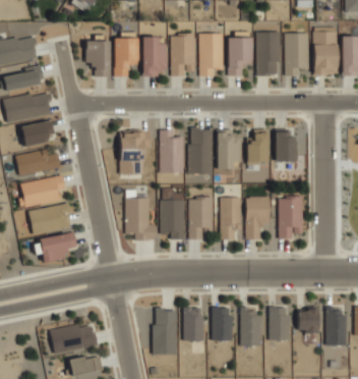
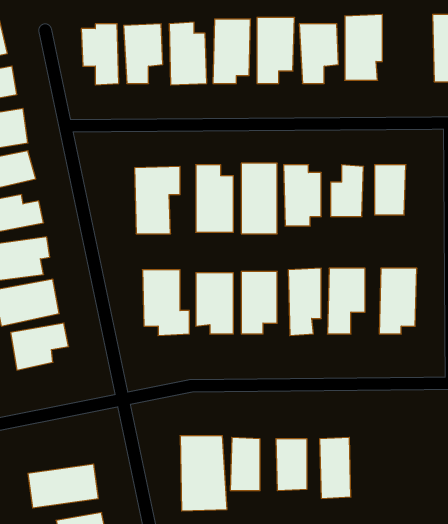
building: [285,33,309,76] -> none
building: [268,307,289,340] -> none
building: [297,307,318,333] -> none

